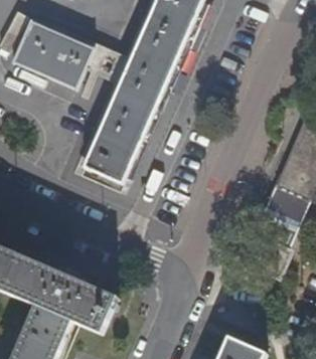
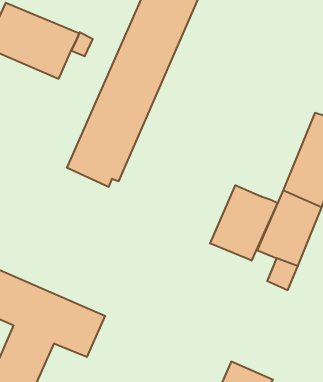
building: none -> [210,185,278,261]

